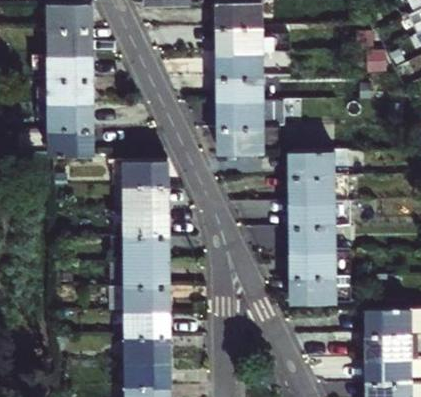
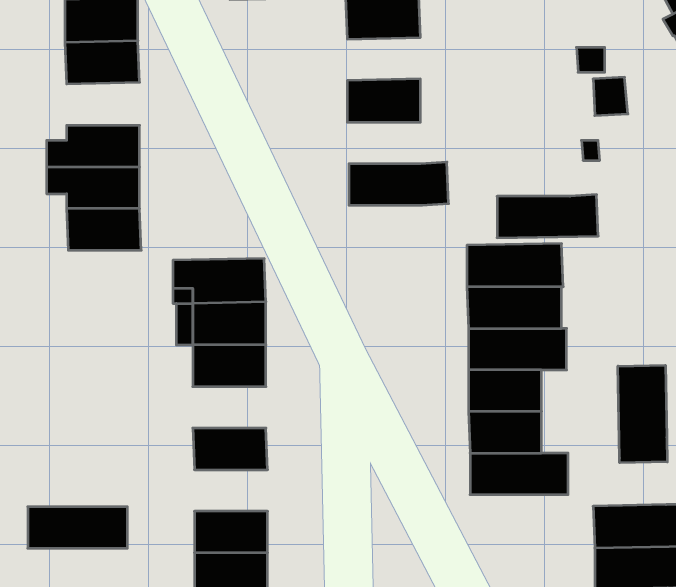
building: [217,26,290,52] -> none
building: [32,53,92,79] -> none
building: [217,77,261,102] -> none
building: [218,126,279,152] -> [497,195,598,238]
building: none -> [618,365,667,463]
building: [124,236,168,261] -> none
building: [109,286,169,311] -> [28,507,127,548]

